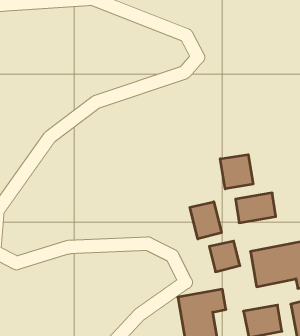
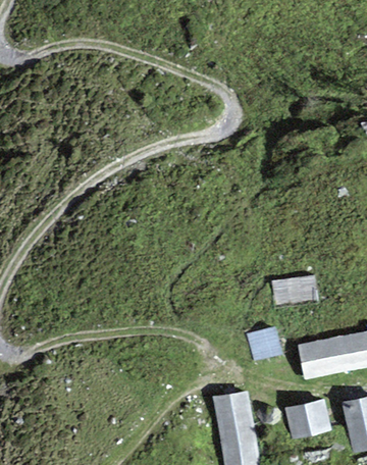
building: [220,155,253,189] -> none
building: [190,202,221,239] -> none

